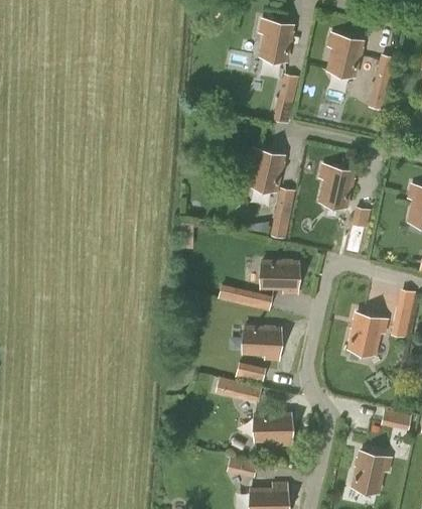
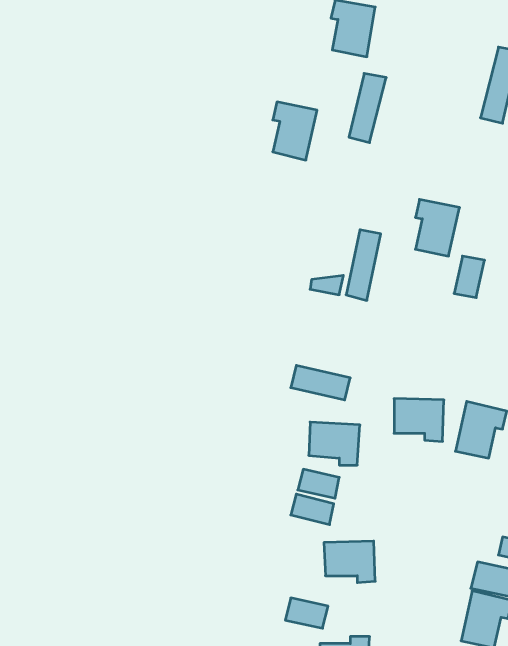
building: [328,34,361,77] -> none
building: [250,149,282,192] -> [273,102,317,160]
building: [261,262,297,293] -> [394,399,444,441]

